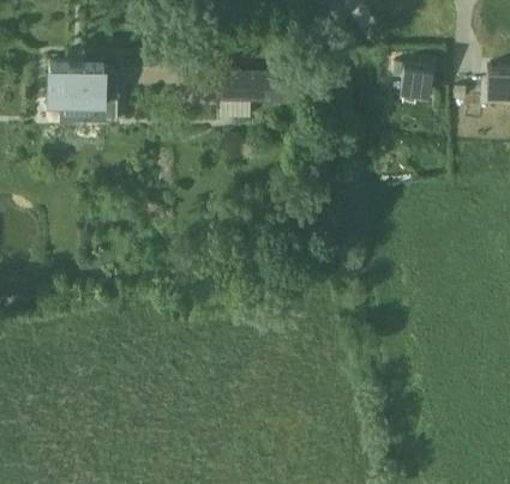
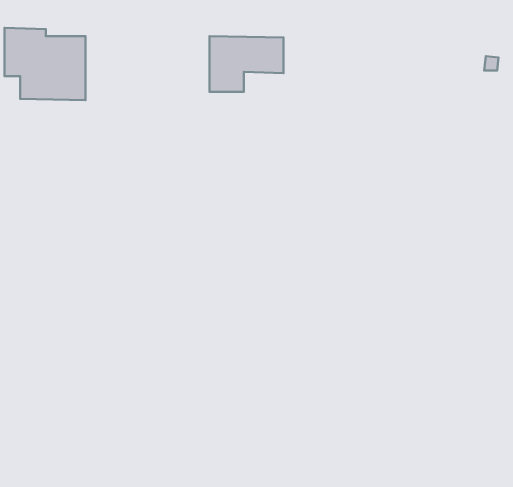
building: [400,62,432,93] -> none

